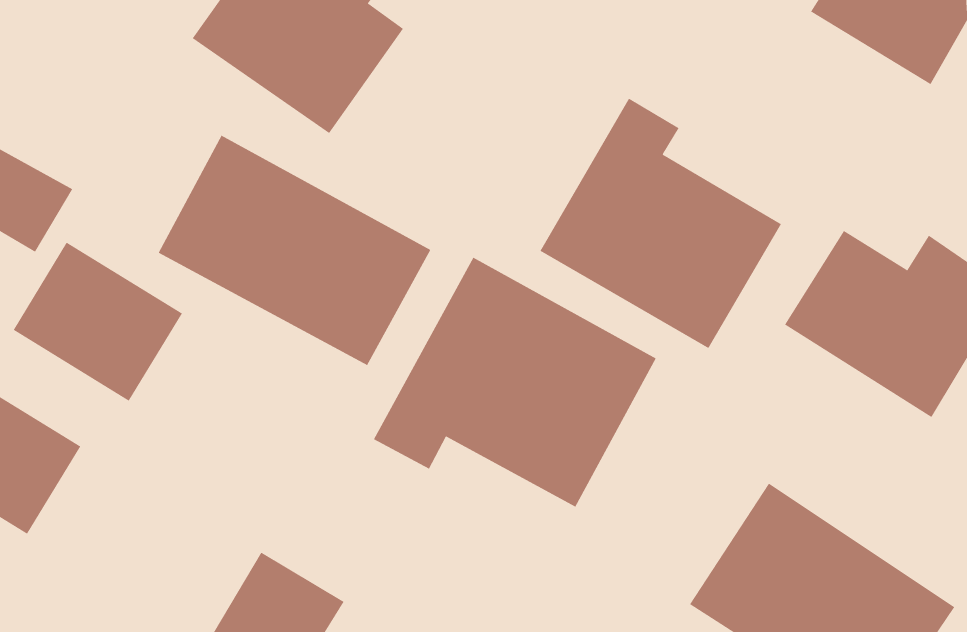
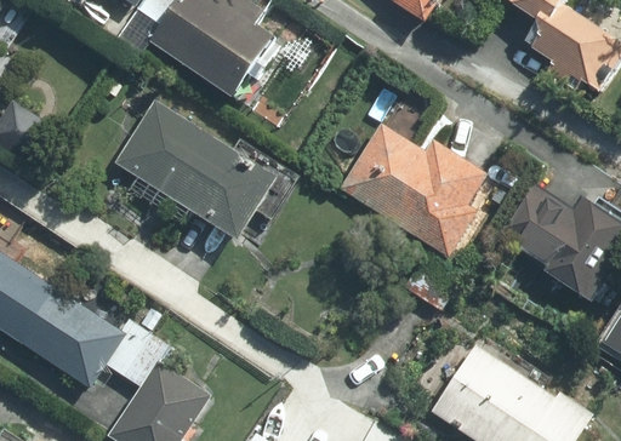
building: [13,242,183,401] -> [21,287,126,388]
building: [373,257,657,507] -> none

